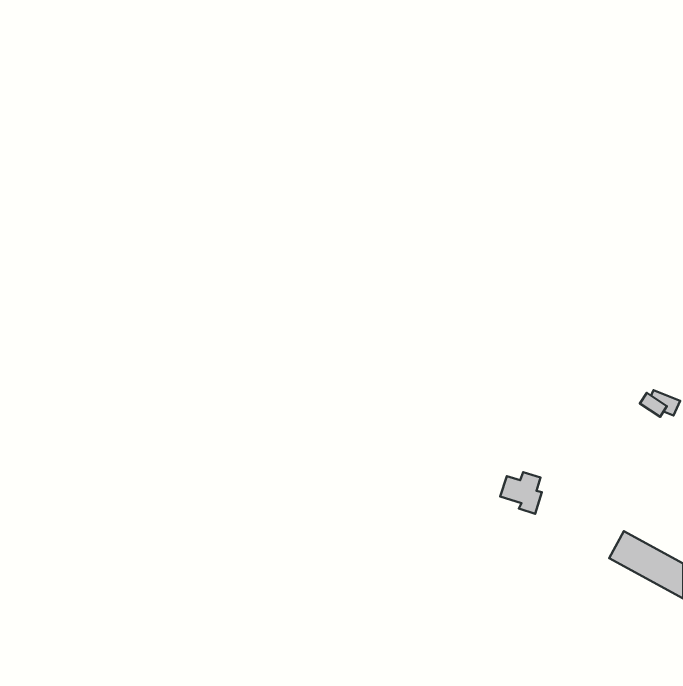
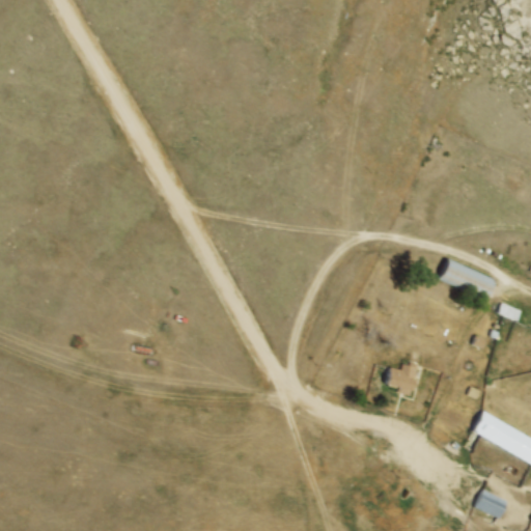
building: none -> [440,259,494,294]
building: none -> [477,492,507,520]

